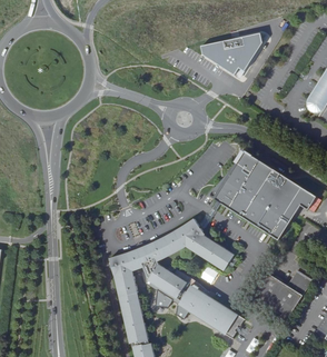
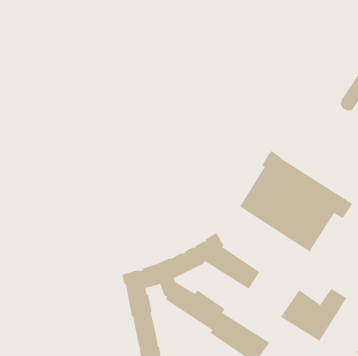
building: [200,32,261,73] -> none

